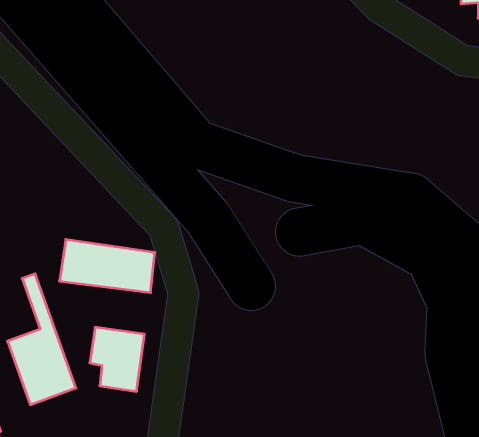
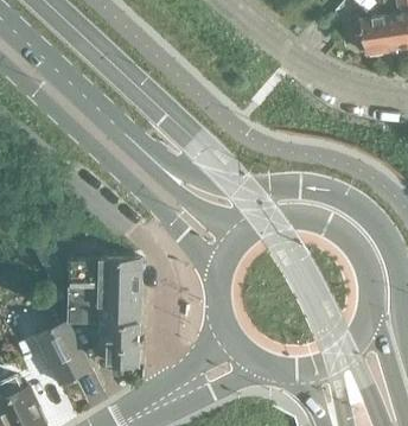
building: none -> [71,286,141,319]

